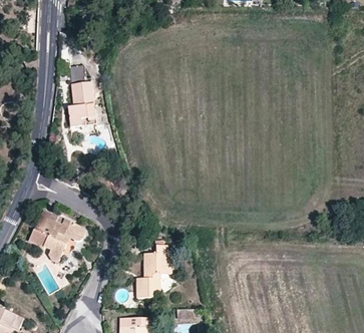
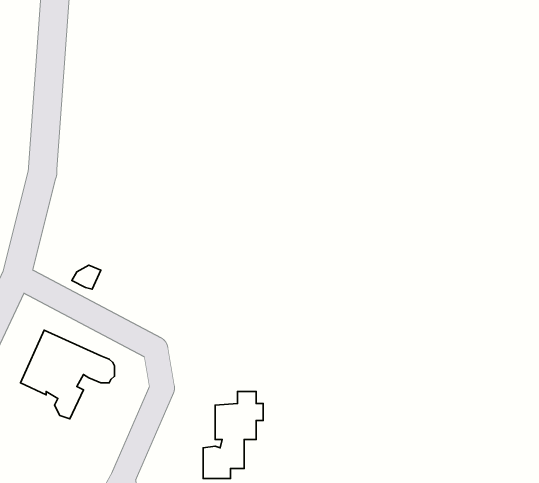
building: [68,64,95,125] -> none

